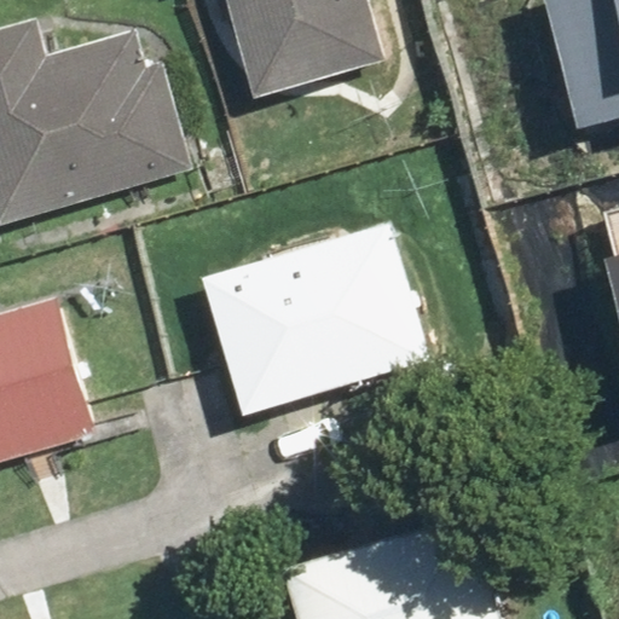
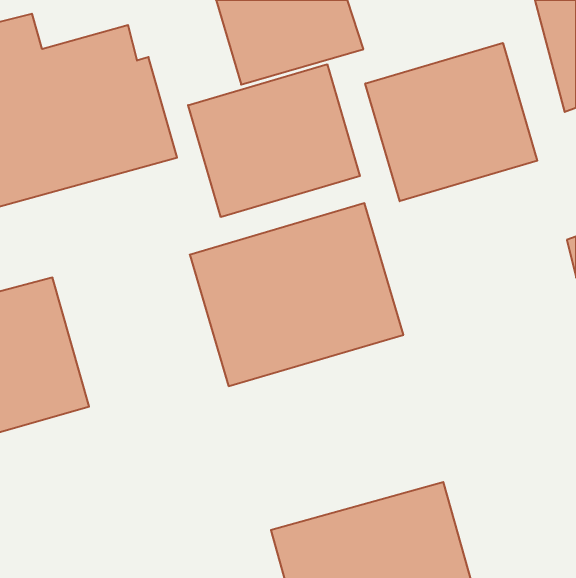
building: none -> [365,43,537,201]
building: none -> [188,64,360,217]

